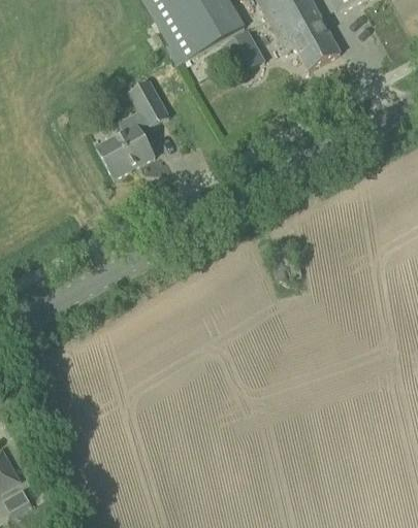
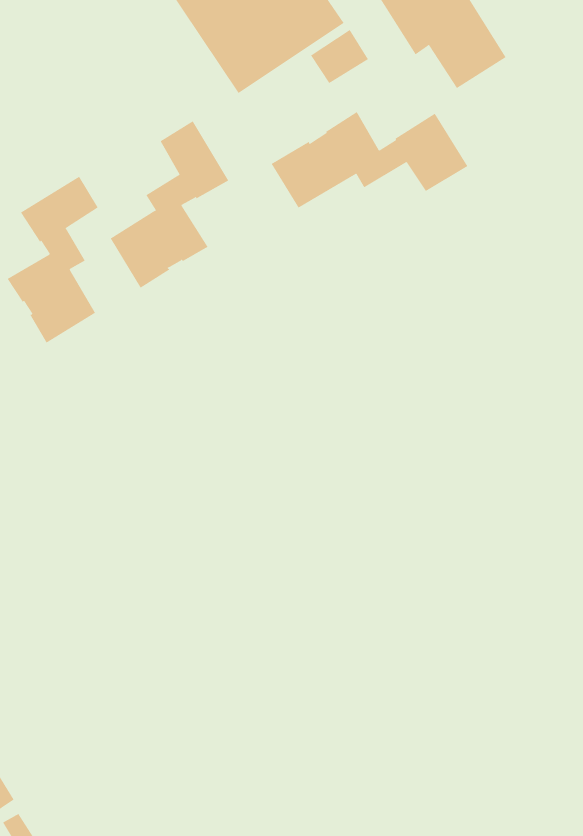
building: none -> [271,111,468,209]
building: none -> [7,176,98,343]

